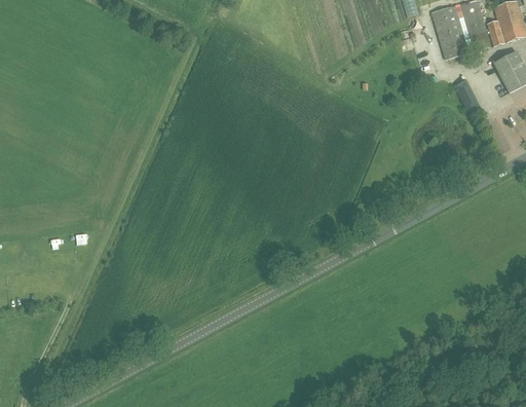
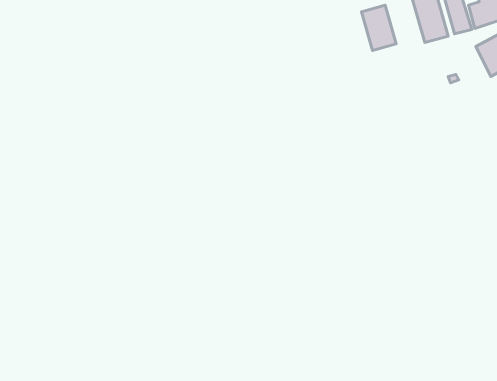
building: none -> [361,5,396,51]

